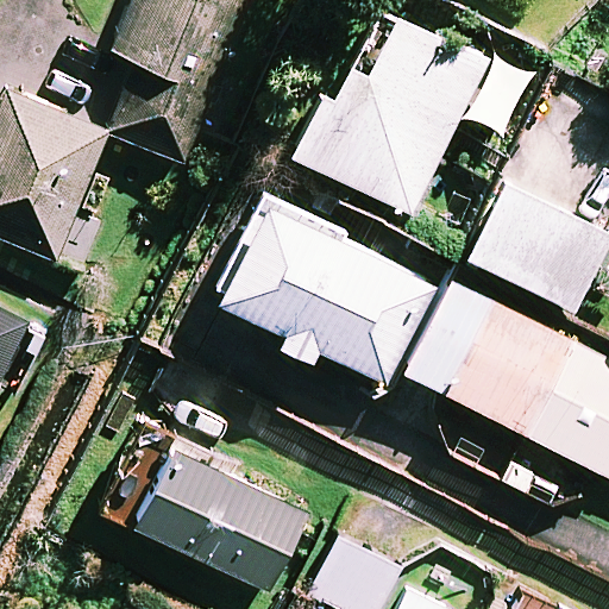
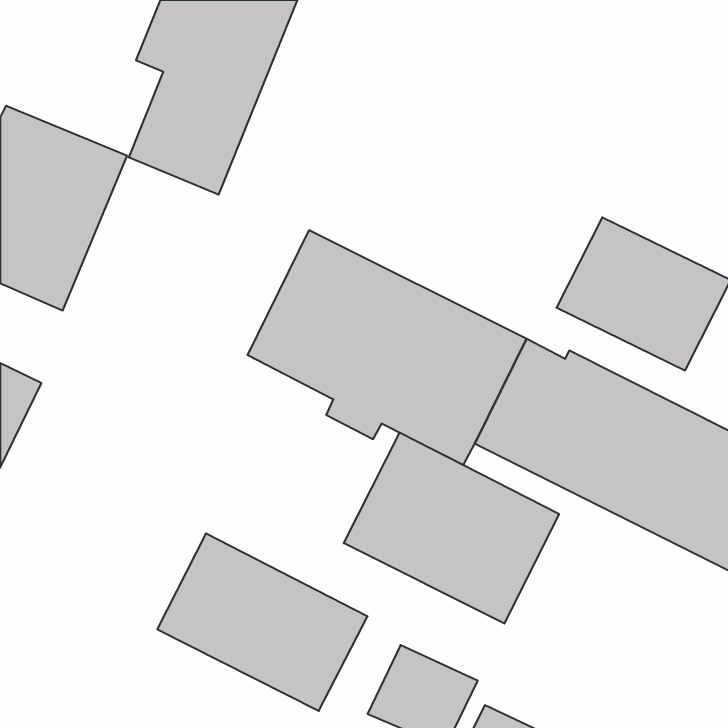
building: [291,10,504,215] -> none
building: none -> [344,433,559,624]

